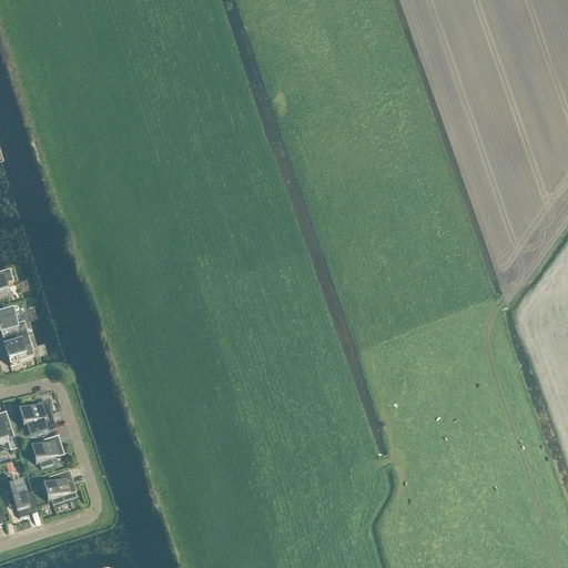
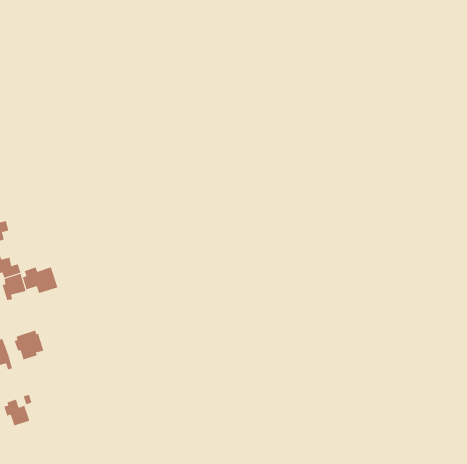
building: none -> [22,267,58,294]
building: [29,433,62,466] -> none
building: [41,467,74,501] -> none

